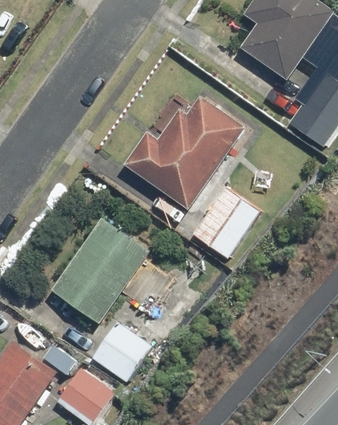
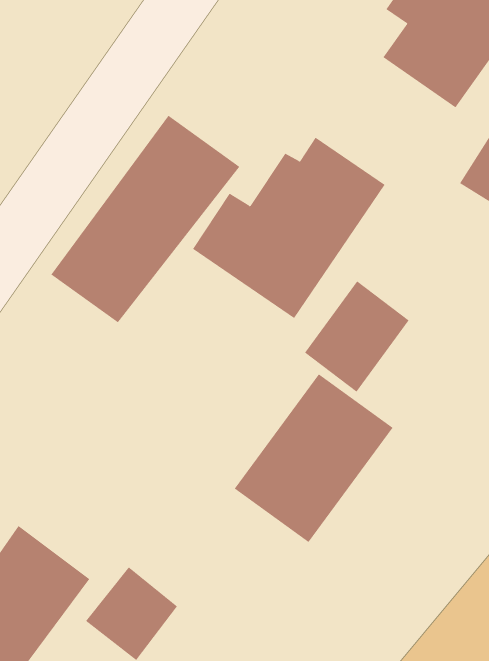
building: none -> [50,115,240,323]
building: [50,217,150,323] -> [234,373,394,543]
building: [91,324,148,381] -> none

